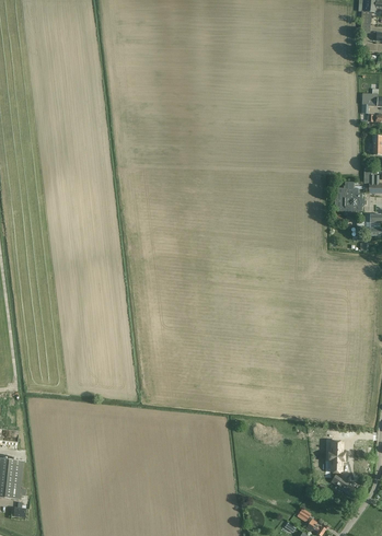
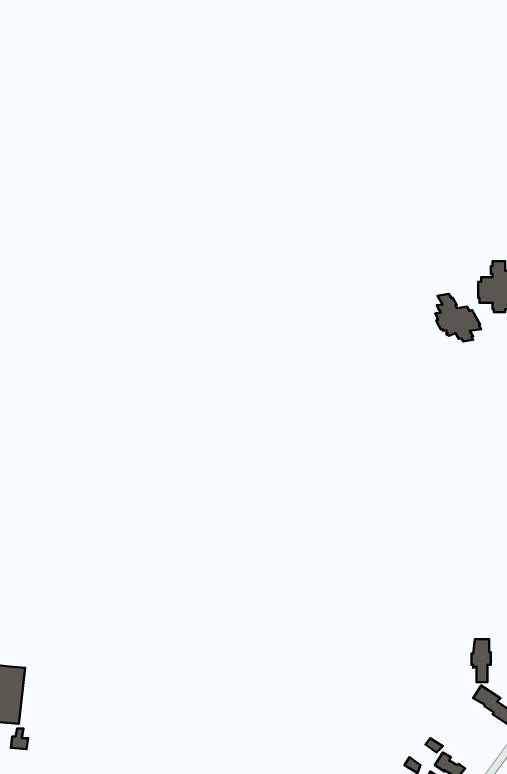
building: none -> [435,294,481,341]

